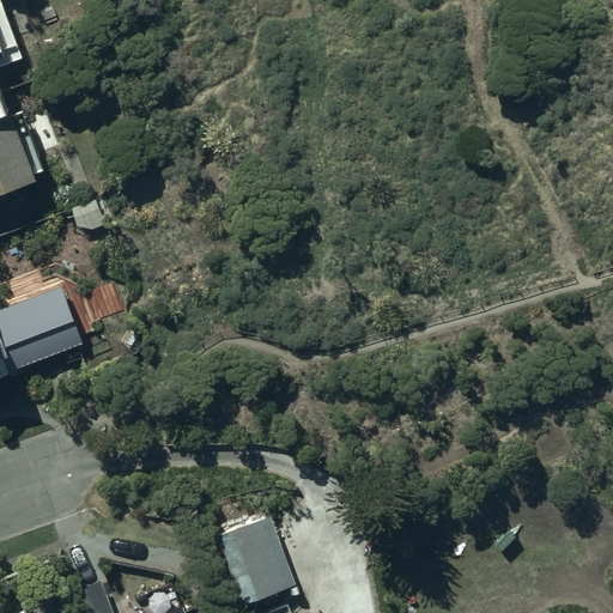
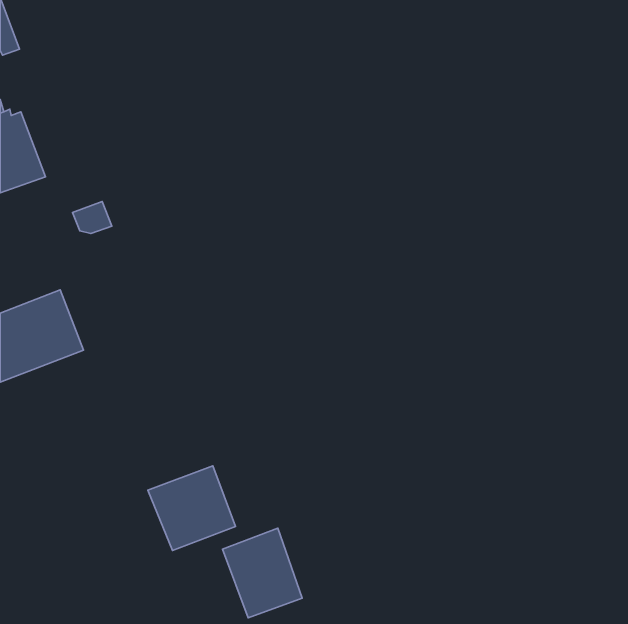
building: none -> [148,466,235,551]

